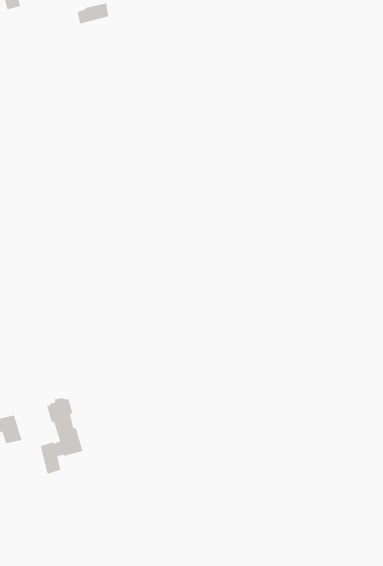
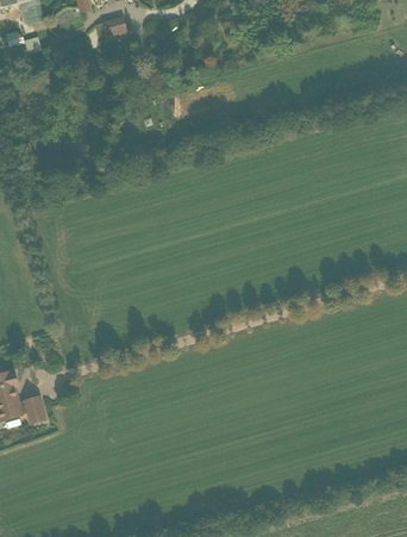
building: [40,397,84,475] -> none

